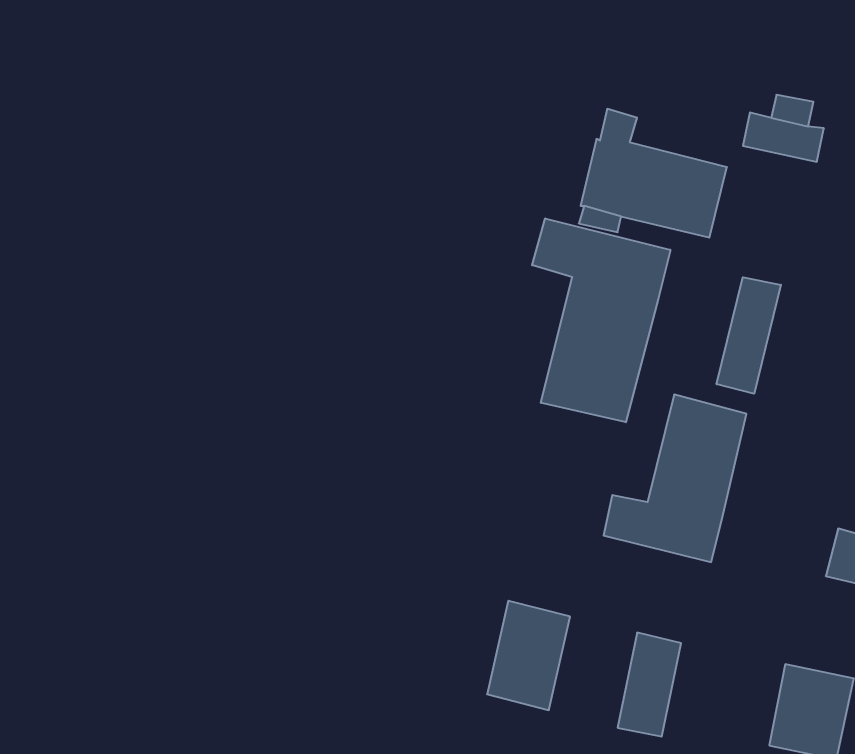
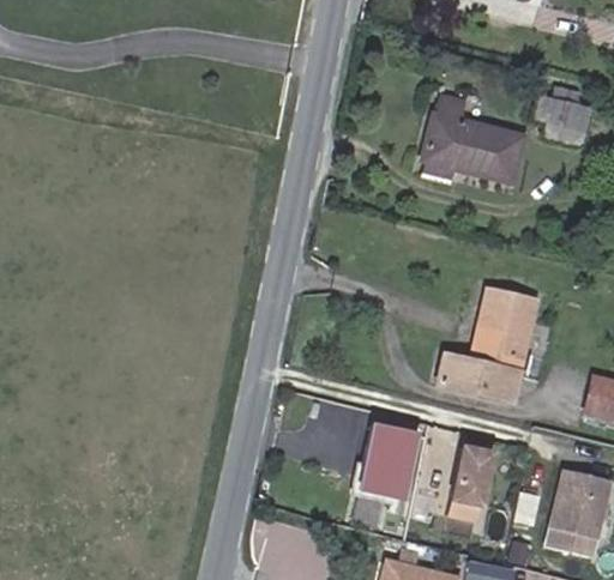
building: [532,218,670,422] -> none
building: [717,277,781,394] -> none

